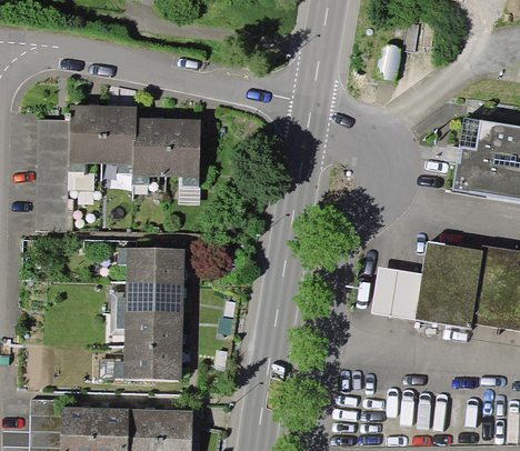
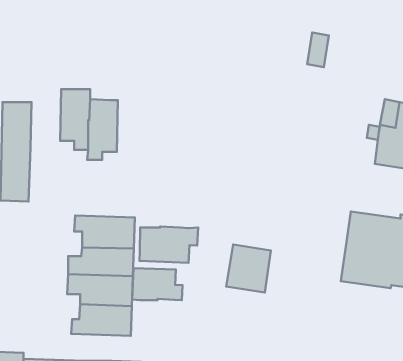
building: [69,104,103,172] -> none
building: [166,118,201,186] -> none
building: none -> [139,226,198,263]
building: [372,267,422,320] -> [226,245,271,292]
building: none -> [132,268,182,300]

